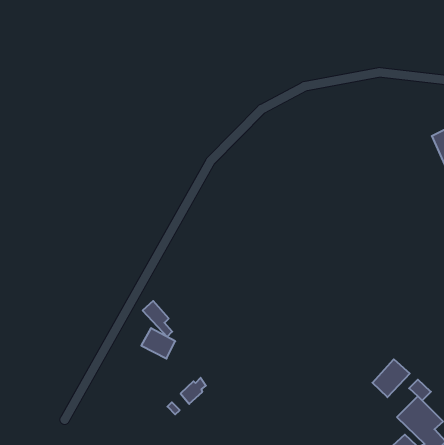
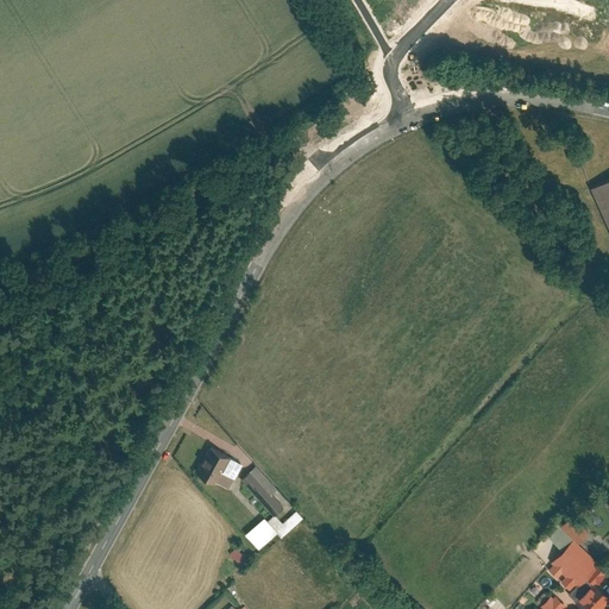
building: [143,301,172,337] -> [243,467,283,516]
building: [372,359,410,397] -> none

